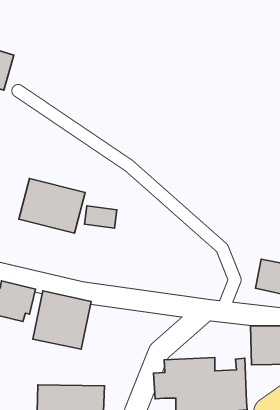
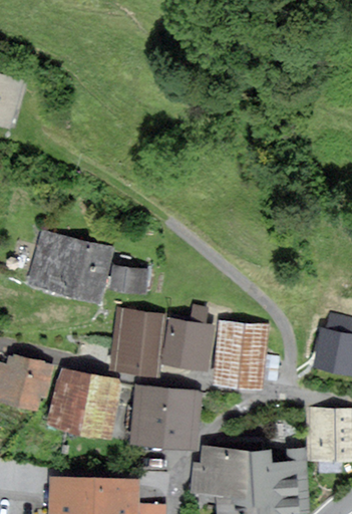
building: none -> [114,309,163,373]
building: none -> [165,318,211,366]
building: none -> [217,321,265,384]
building: none -> [133,388,199,445]

